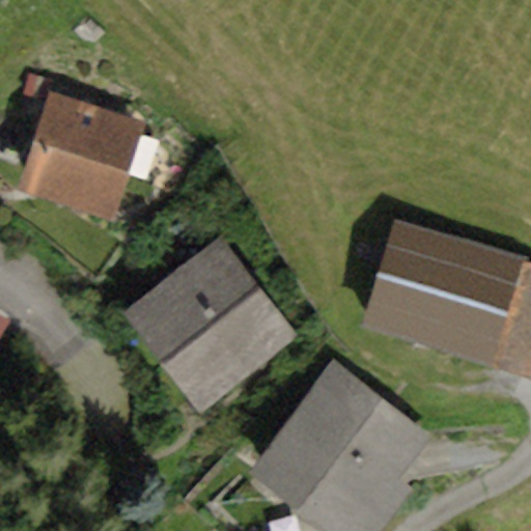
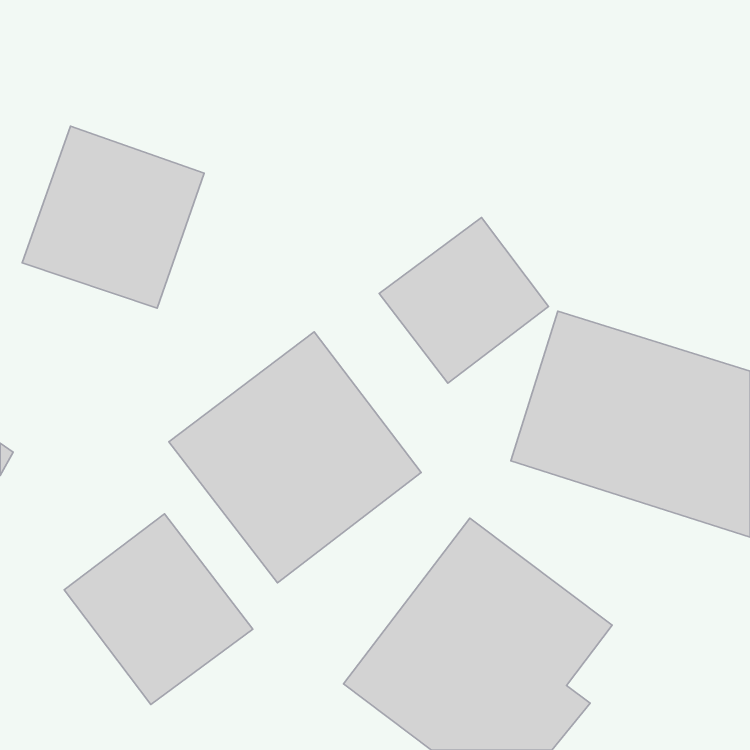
building: none -> [379,218,549,383]
building: none -> [64,514,253,704]

